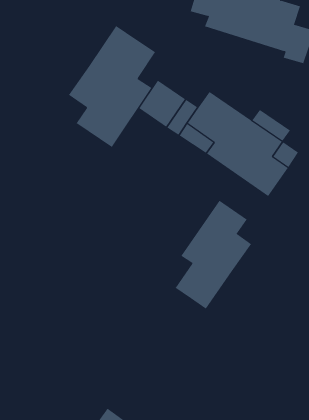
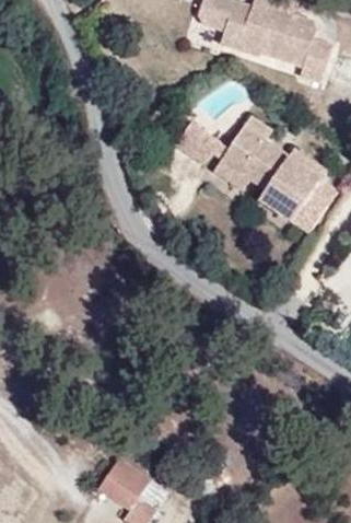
building: [68,25,156,148] -> none
building: [175,200,252,310] -> none

